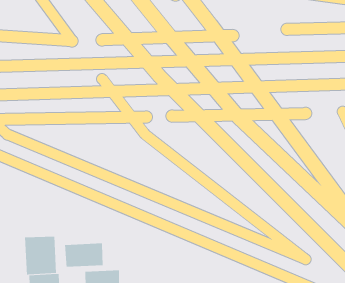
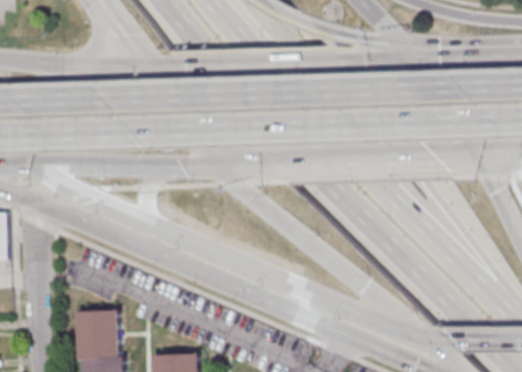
building: [64,243,103,268] -> none

